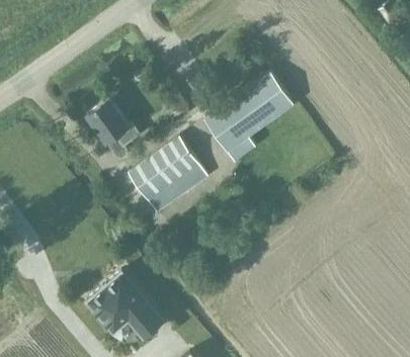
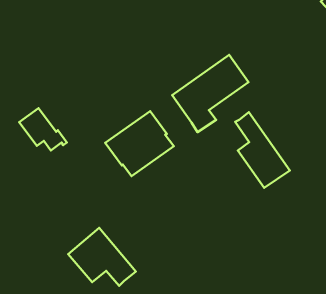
building: [86,97,141,146] -> [19,108,67,150]
building: none -> [235,112,290,188]

